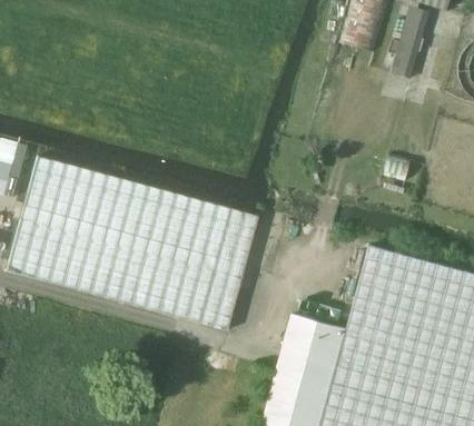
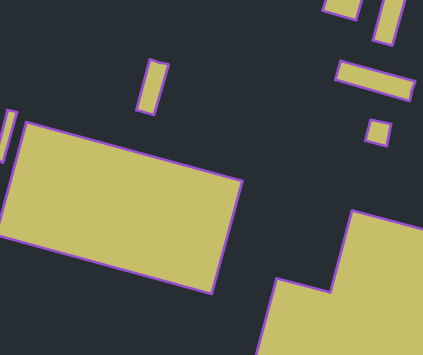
building: none -> [136,59,168,115]
building: none -> [335,61,415,101]

